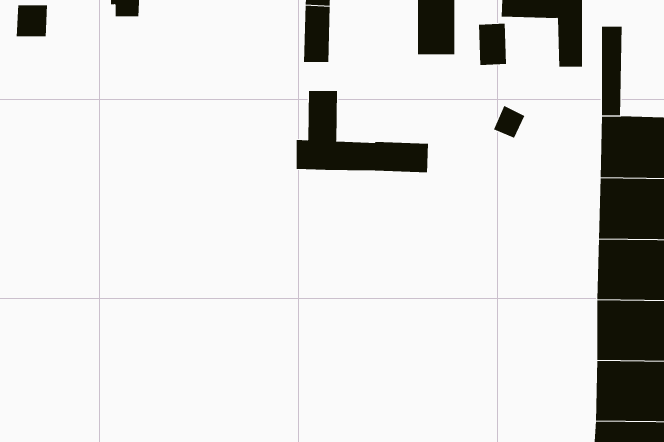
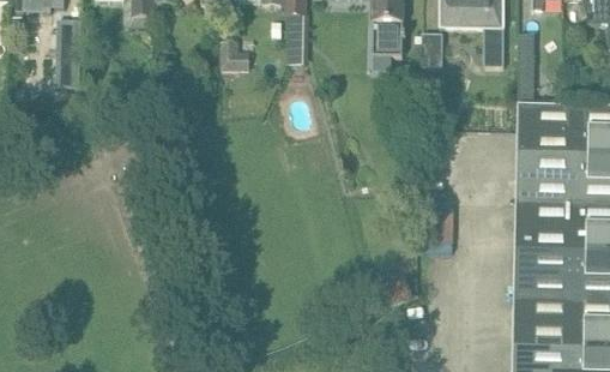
building: none -> [219,37,249,67]
building: [296,90,429,173] -> none

